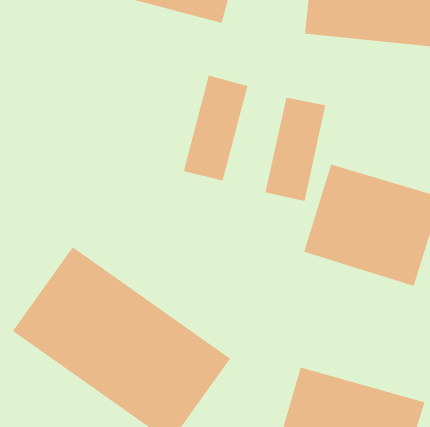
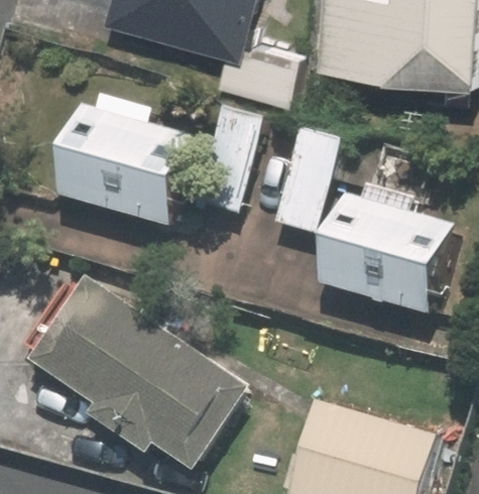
building: none -> [55,105,194,227]

